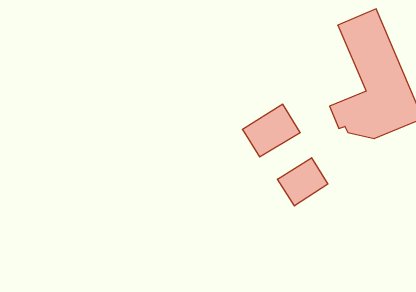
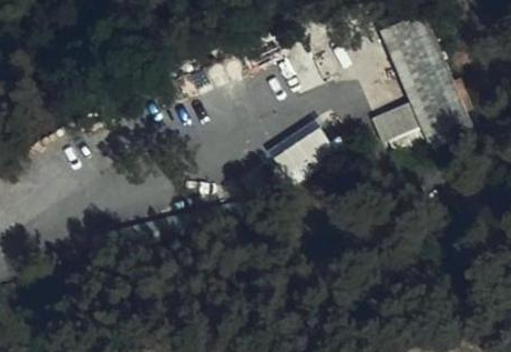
building: [277,158,328,206] -> none

